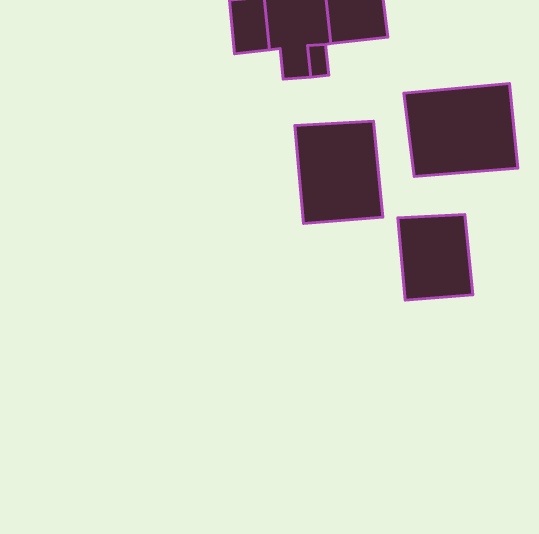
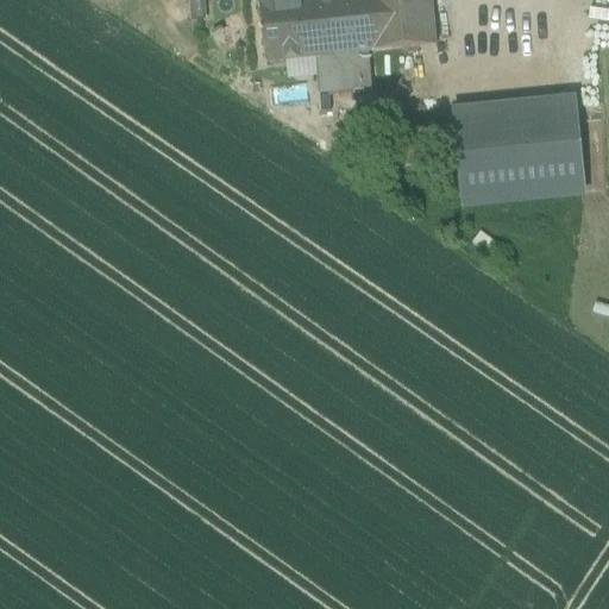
building: [295,121,383,223] -> none
building: [398,214,473,300] -> none

